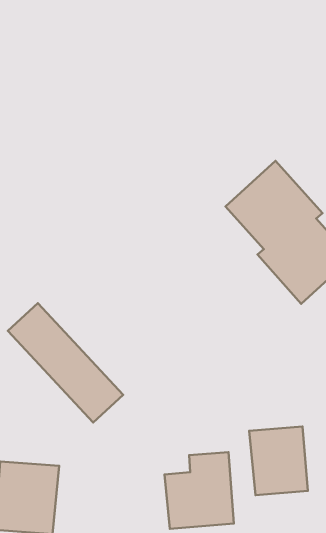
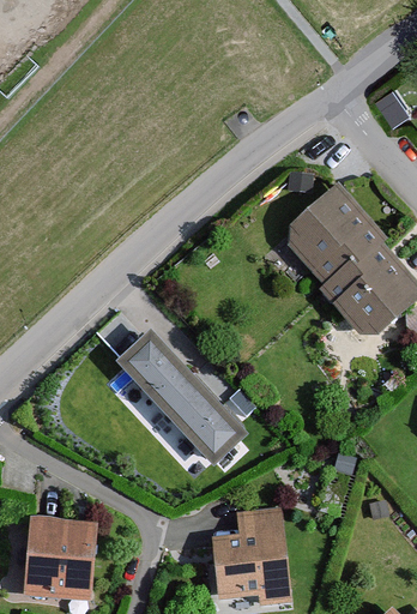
building: [8,303,123,423] -> [116,332,246,466]
building: [249,427,308,495] -> none

